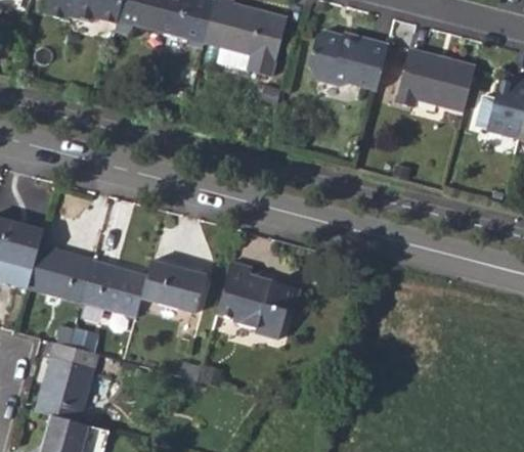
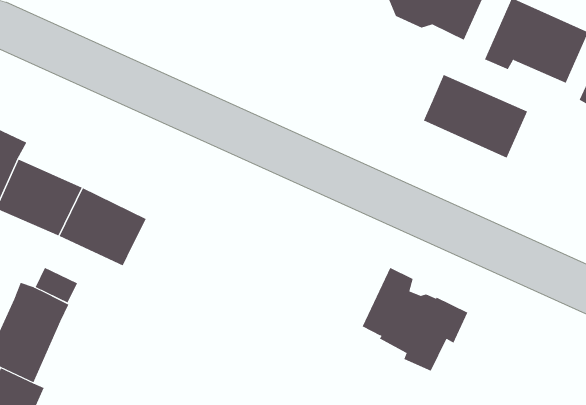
building: none -> [423,74,528,159]
building: [216,260,299,337] -> [362,267,468,372]
building: [140,262,206,314] -> none

